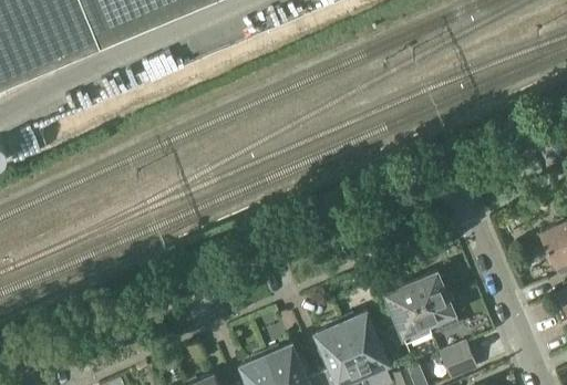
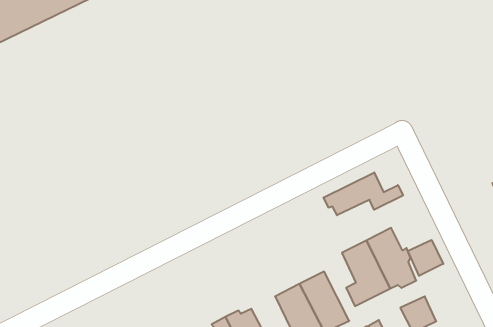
building: none -> [324,172,403,215]
building: none -> [408,240,443,276]

